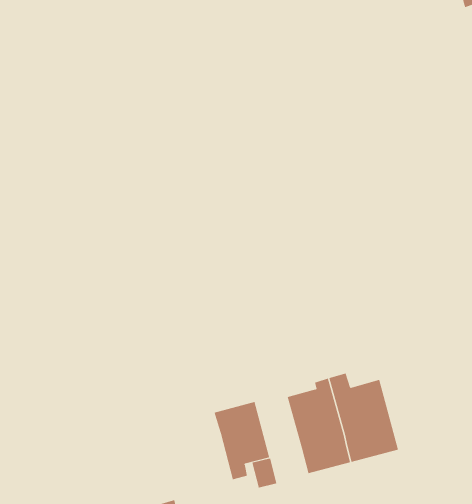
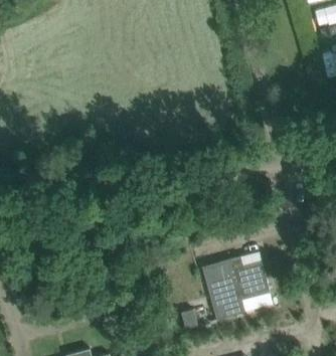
building: [214,401,270,480] -> none

